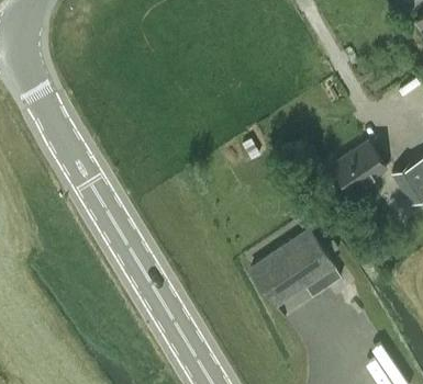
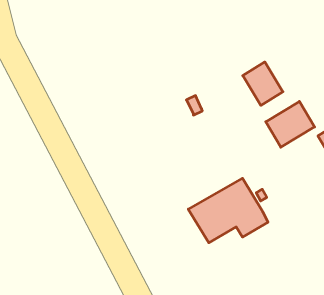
building: none -> [243,62,283,105]

